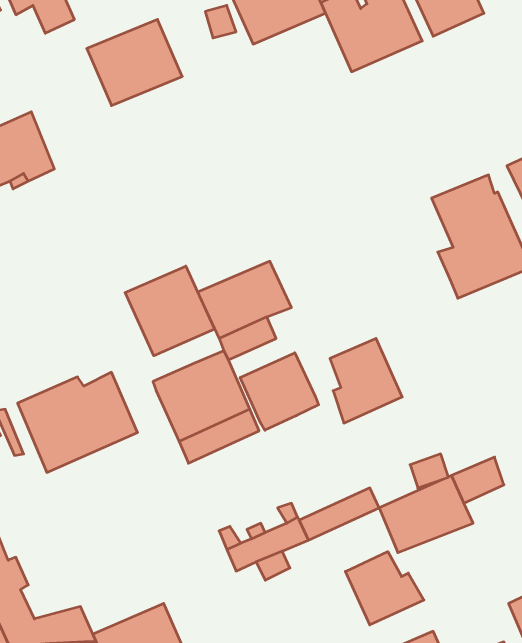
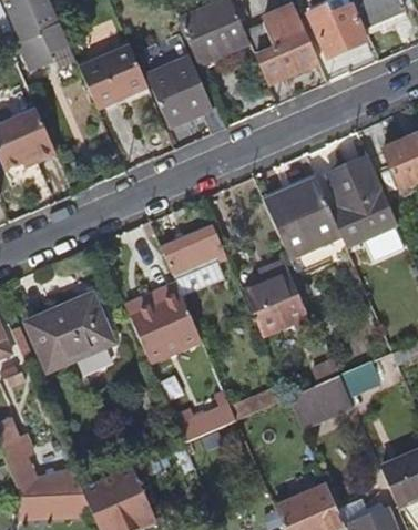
building: none -> [145,58,225,134]
building: none -> [264,176,339,254]
building: [125,266,214,356] -> none
building: [240,353,319,430] -> none
building: [345,552,424,625] -> none

